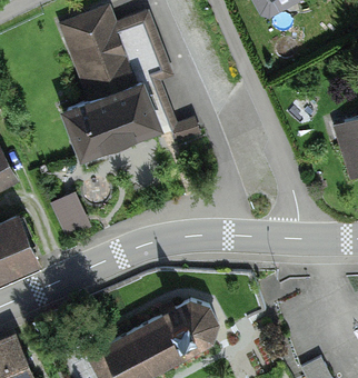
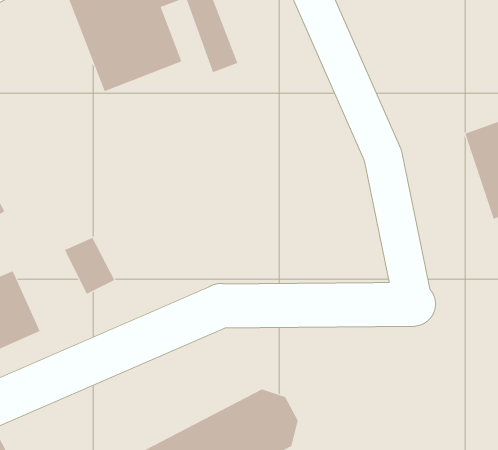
building: [61,70,203,159] -> none

